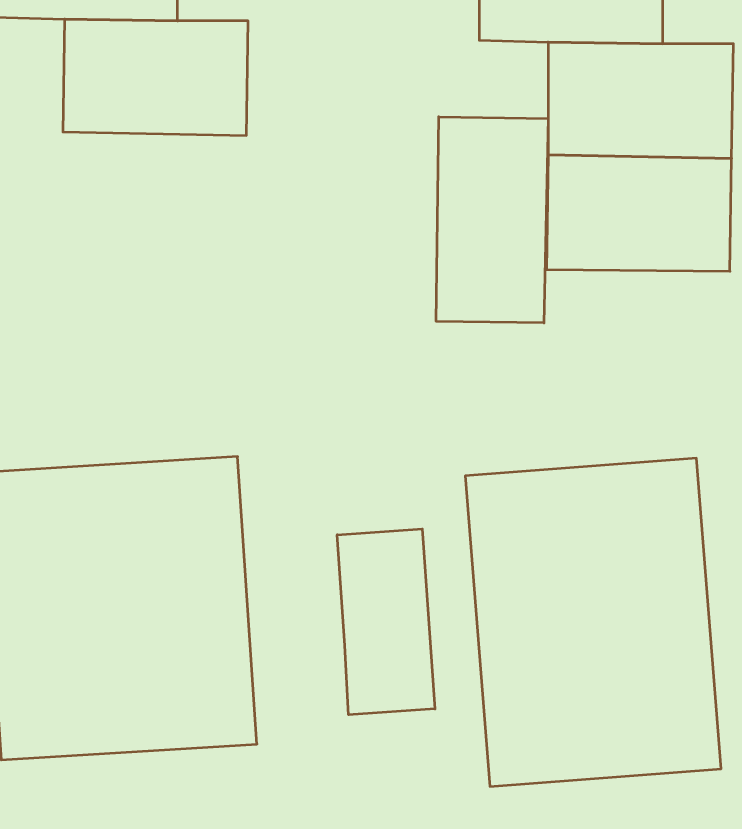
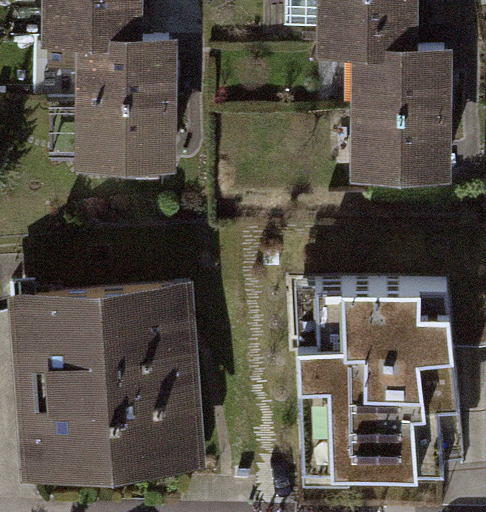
building: [436,117,548,323] -> none
building: none -> [72,106,177,172]
building: [337,529,435,715] -> none

